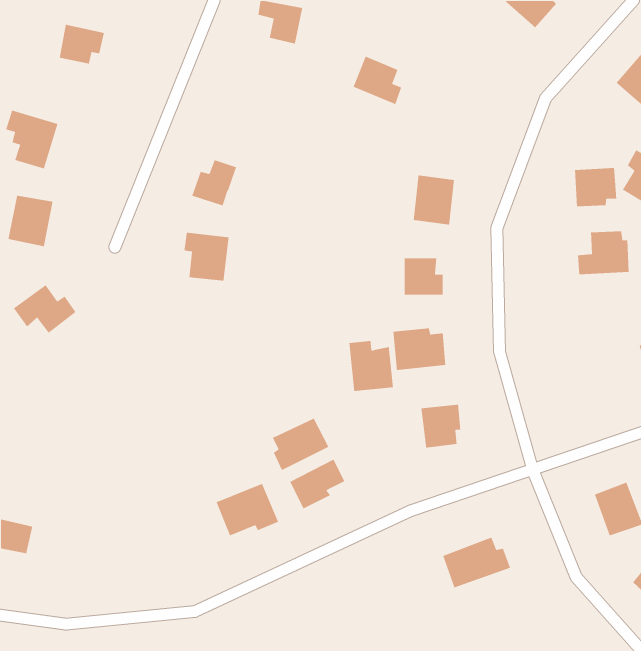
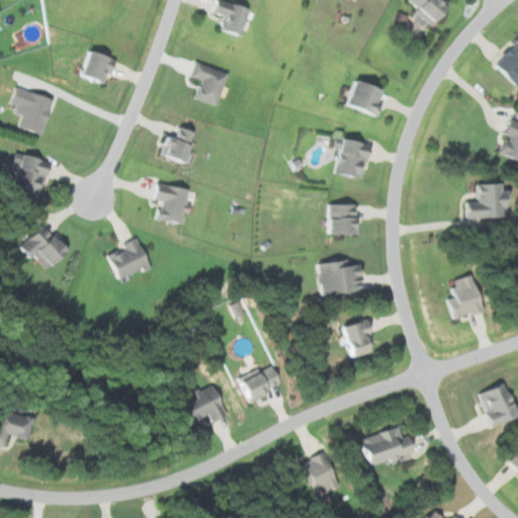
building: [59,24,105,64] -> [81,51,117,83]
building: [352,55,402,105] -> [345,79,384,118]
building: none -> [192,61,230,105]
building: [574,167,617,207] -> none
building: none -> [110,239,153,278]
building: [348,340,394,392] -> none
building: none -> [448,274,484,320]
building: [272,418,329,471] -> none
building: none -> [296,454,339,496]

